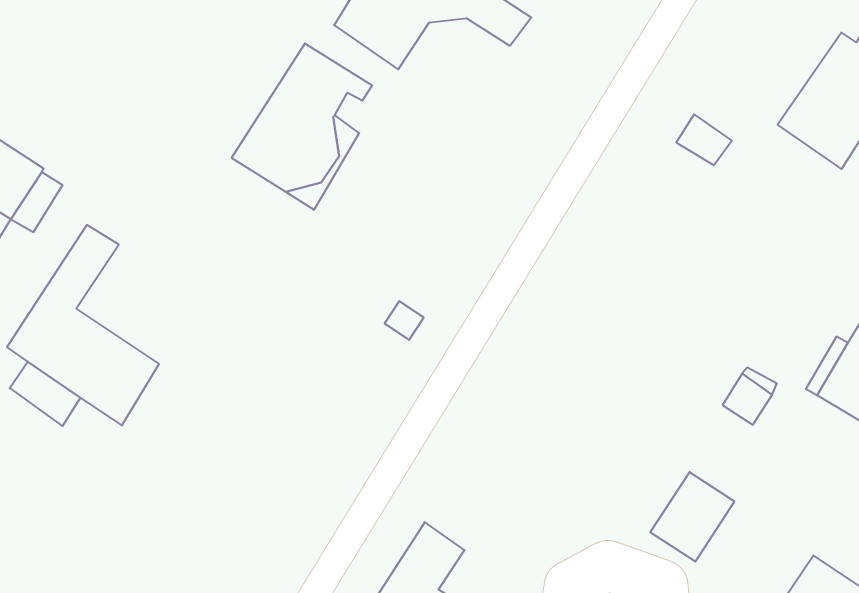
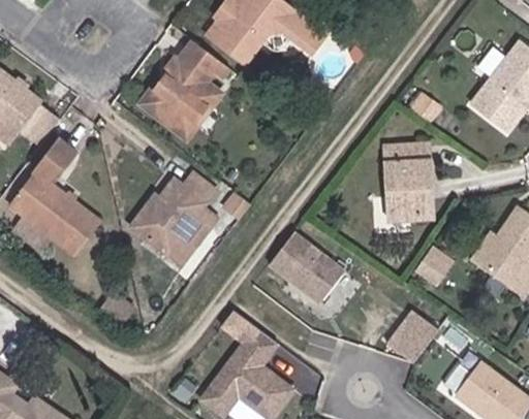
building: none -> [383,142,431,218]
building: none -> [137,176,222,262]
building: none -> [262,224,338,294]

